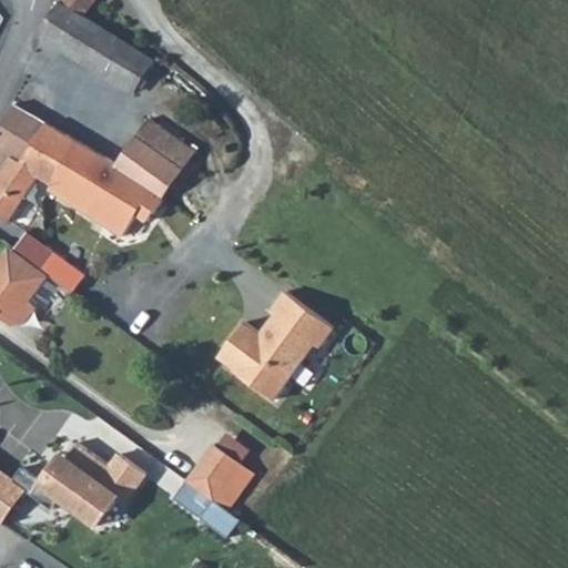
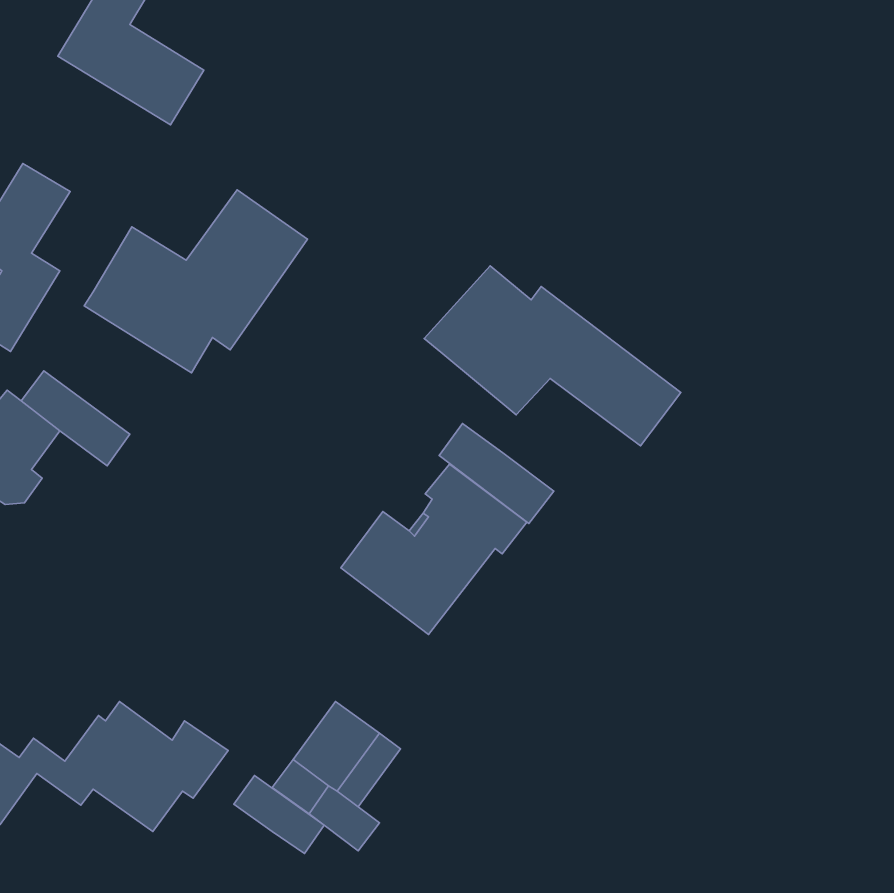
building: [108,44,158,97] -> none
building: [20,121,83,184] -> none
building: none -> [424,266,681,446]
building: none -> [439,424,554,523]
building: none -> [234,775,324,853]

